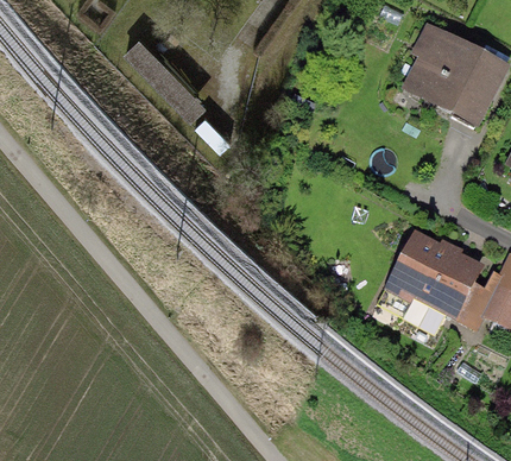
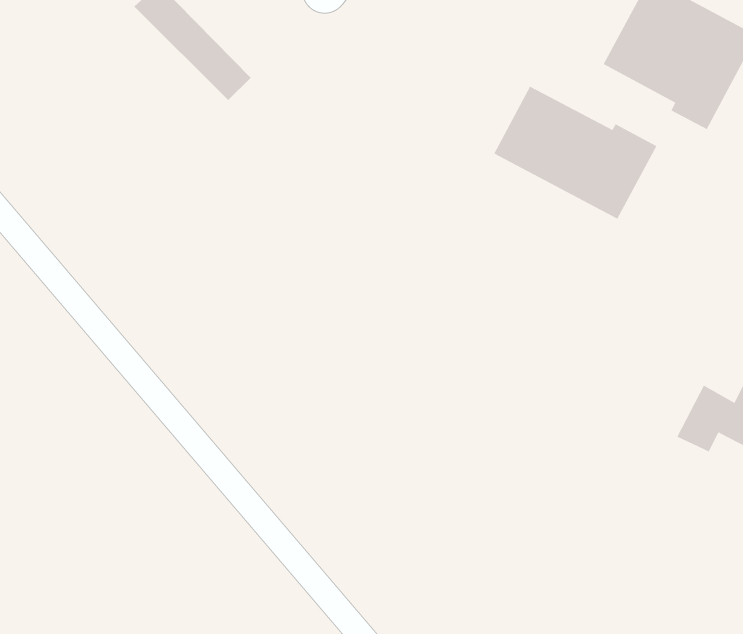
building: none -> [494,86,657,220]
building: [395,235,479,314] -> none

